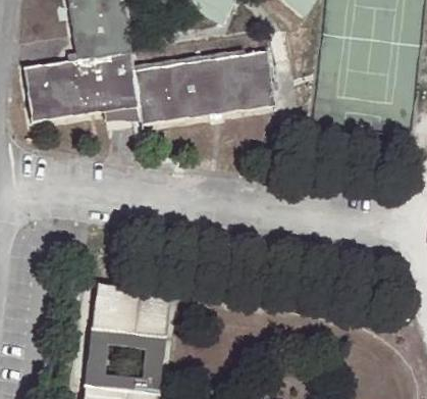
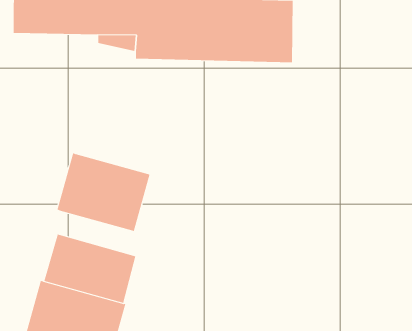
building: none -> [57,152,150,232]

